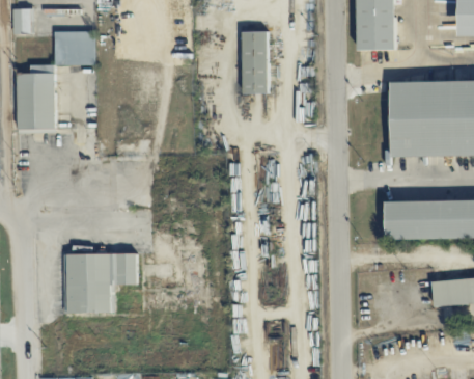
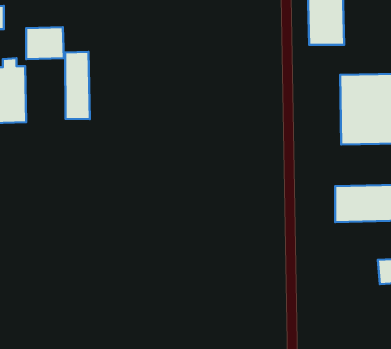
building: [242,31,269,93] -> none
building: none -> [65,52,90,119]
building: [62,253,136,314] -> none

